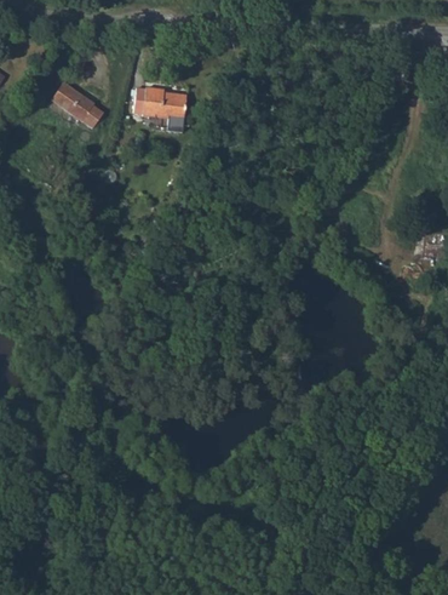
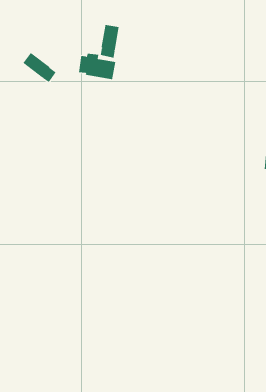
building: none -> [100,24,119,59]

